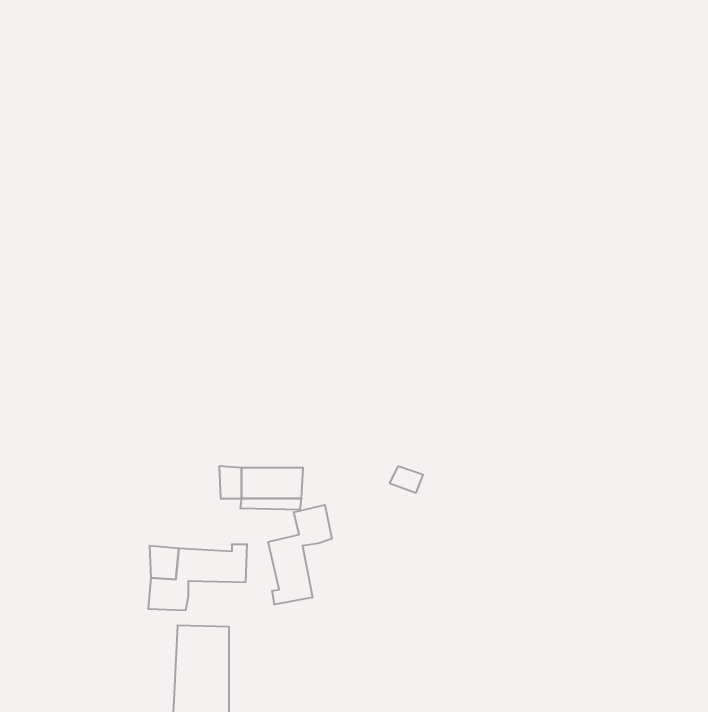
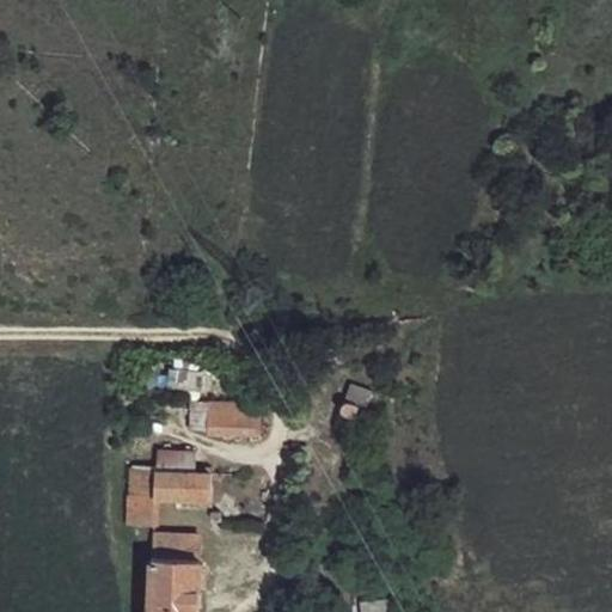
building: [268,505,332,605] -> none

